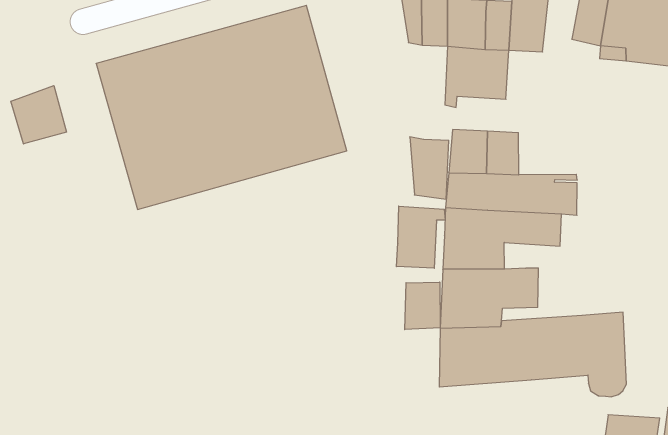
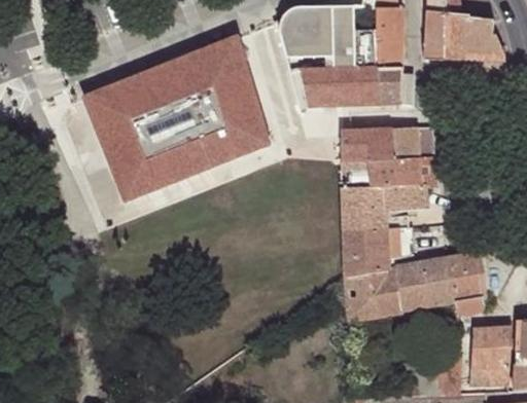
building: none -> [377,66,412,103]
building: [11,86,66,144] -> none
building: none -> [389,124,434,157]
building: [410,137,449,199] -> [303,68,333,111]
building: [396,206,445,268] -> none
building: [405,282,440,330] -> none

